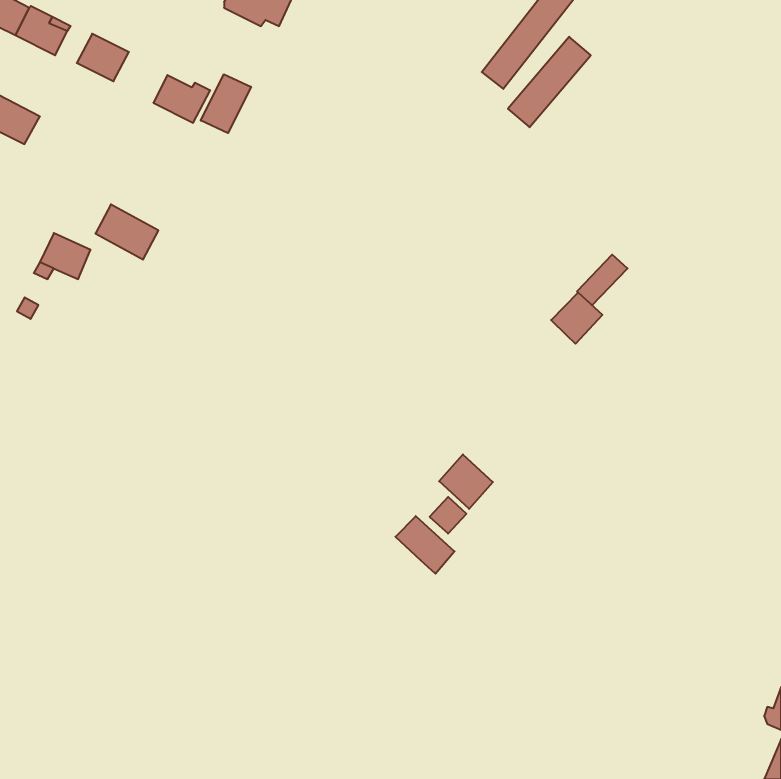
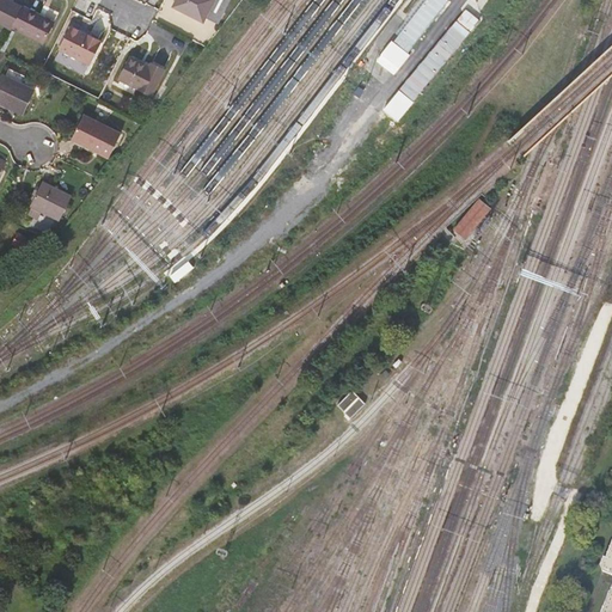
building: [201,74,251,133] -> none
building: [95,204,158,260] -> [71,114,120,157]
building: [551,292,602,344] -> none
building: [439,454,493,509] -> none
building: [395,516,455,574] -> none

